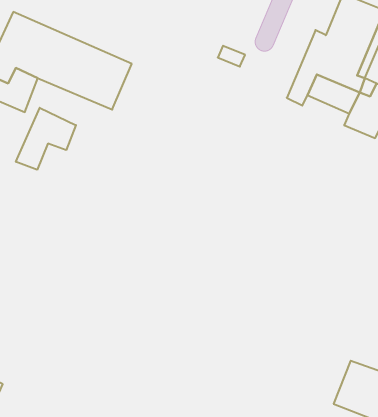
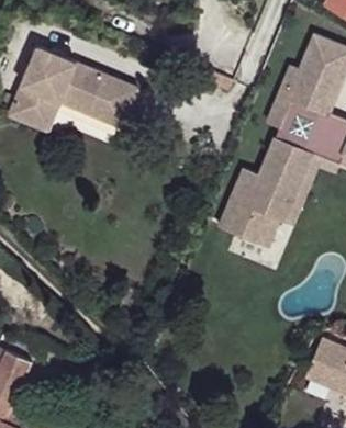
building: [16,108,76,170] -> none
building: none -> [221,129,315,240]

